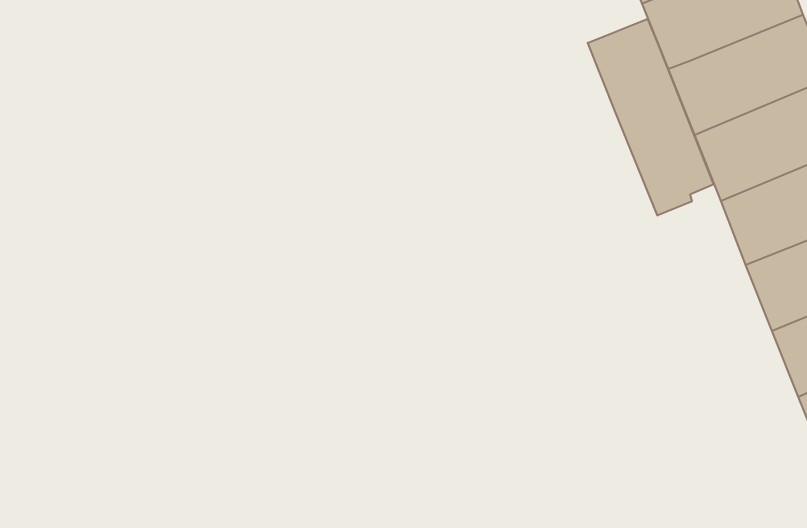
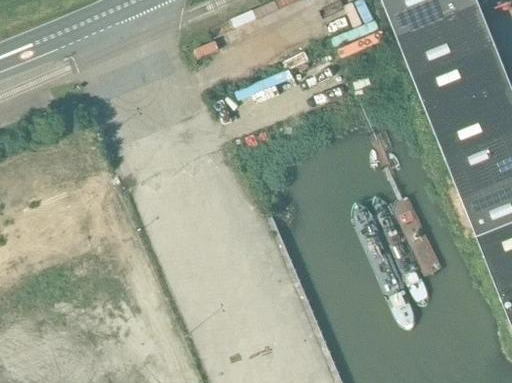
building: [588,19,714,216] -> none

